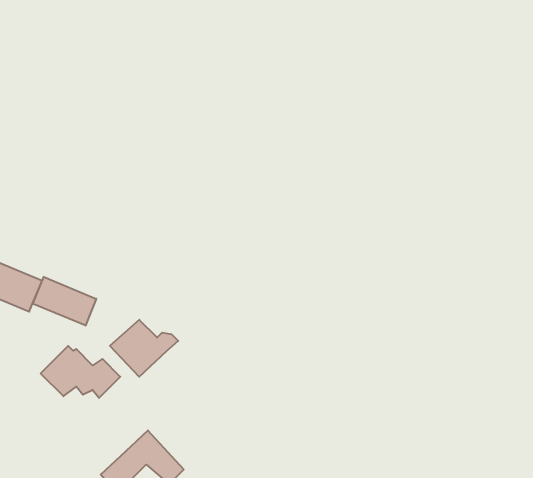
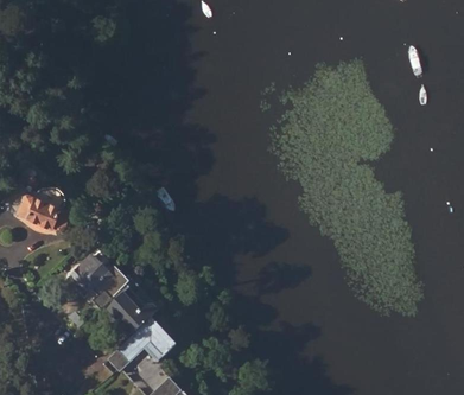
building: [33,277,96,326] -> none
building: [110,320,178,377] -> [108,297,158,338]

